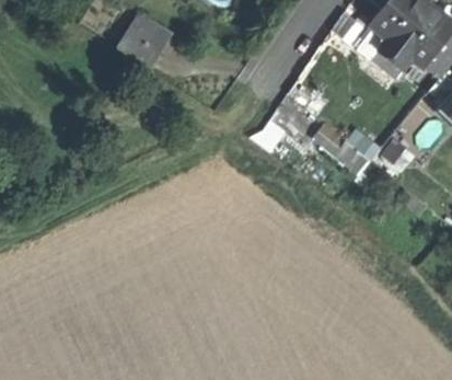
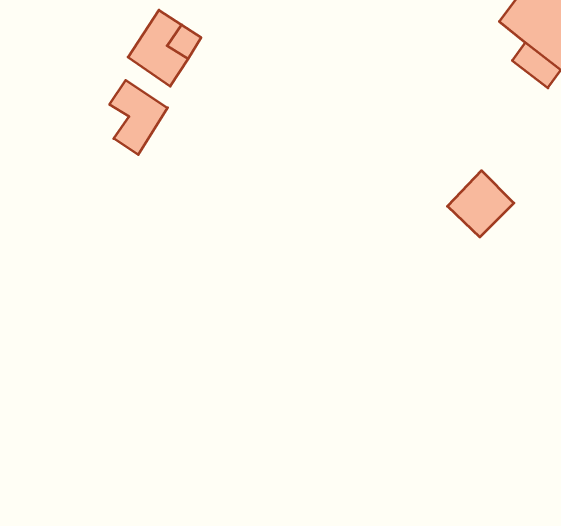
building: none -> [110,80,168,155]

